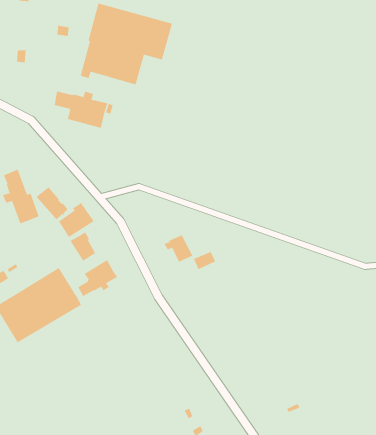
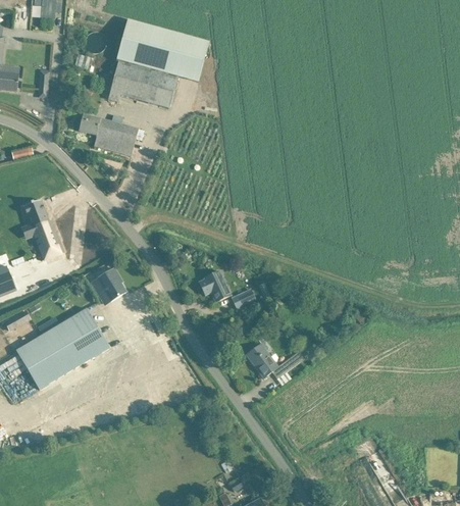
building: [58,202,95,238] -> none
building: [78,259,118,297] -> none
building: none -> [245,337,304,378]

